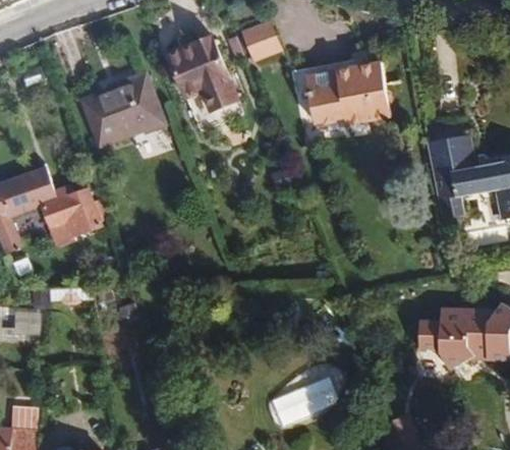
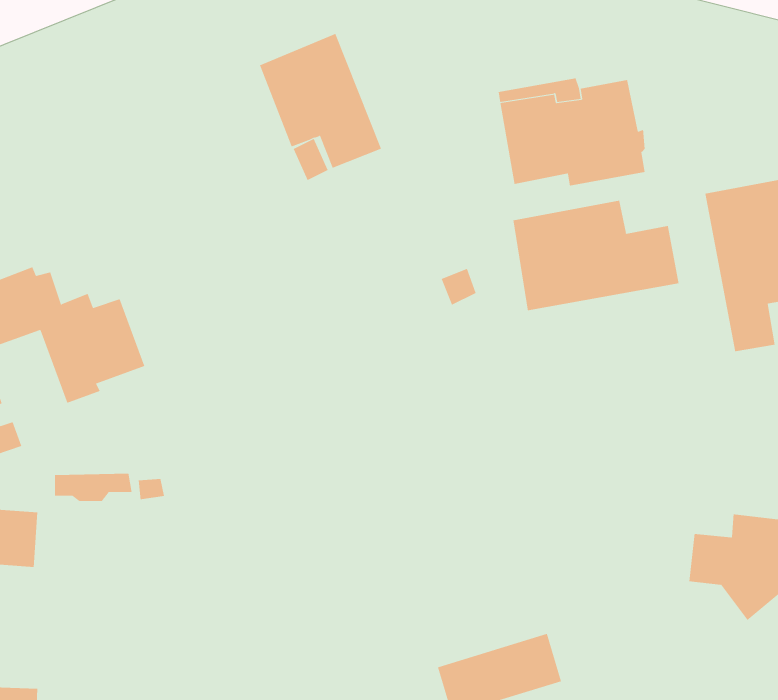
building: [239,20,278,59] -> none
building: [81,72,166,148] -> none
building: none -> [513,200,679,311]

